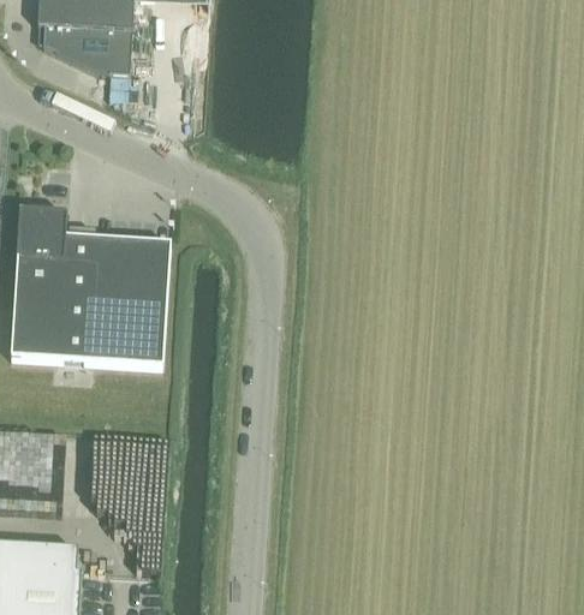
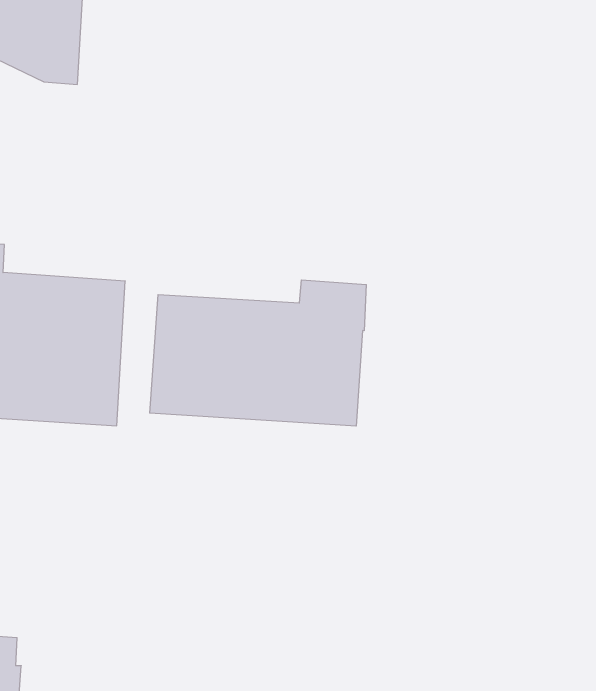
building: none -> [150,280,366,426]

